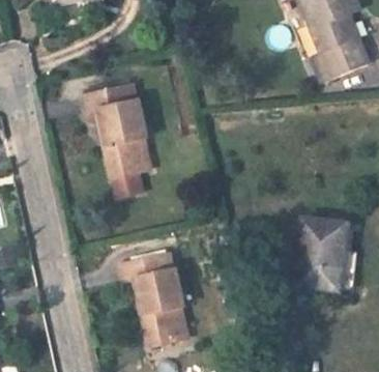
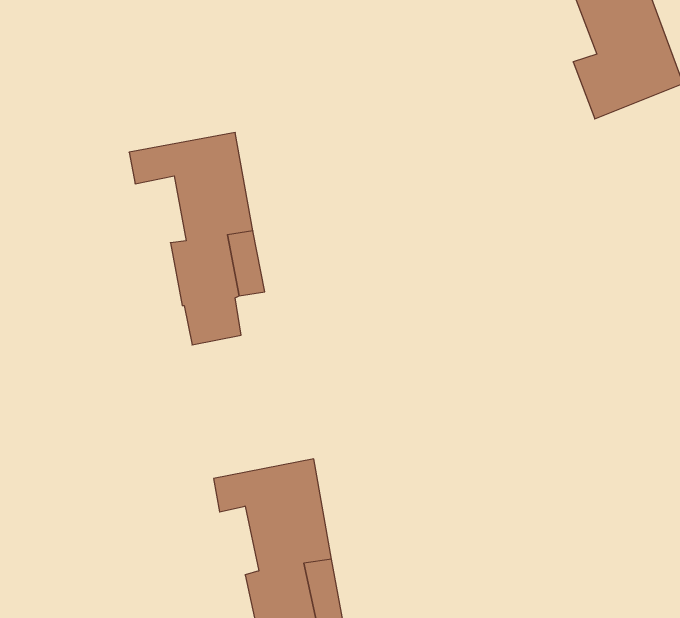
building: [294,218,351,293] -> none

